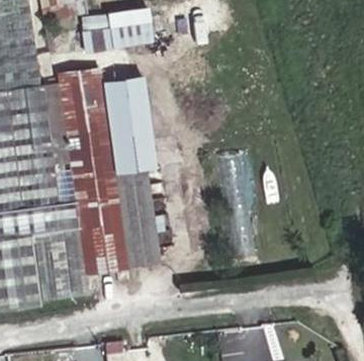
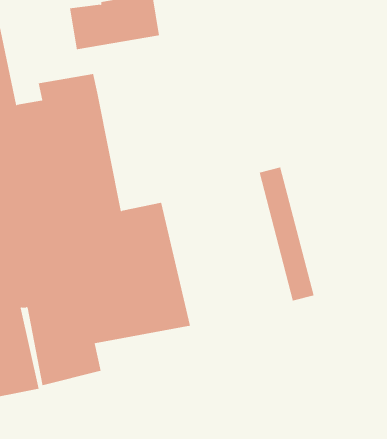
building: [101,72,155,170] -> none

